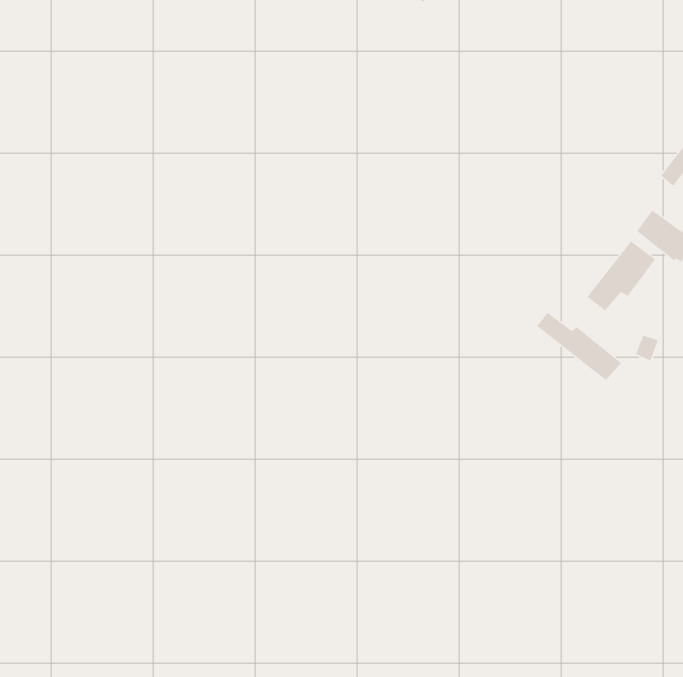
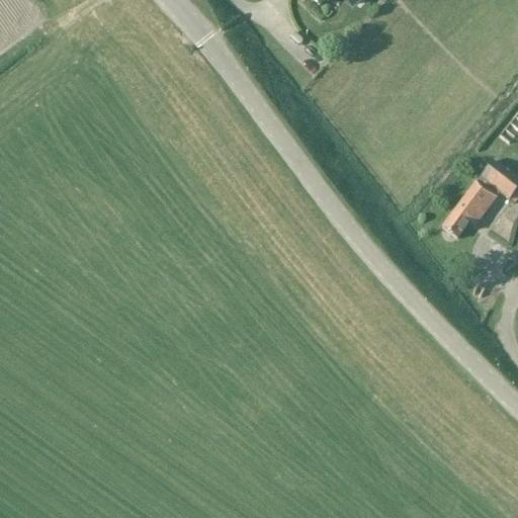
building: [536,312,622,381] -> none

